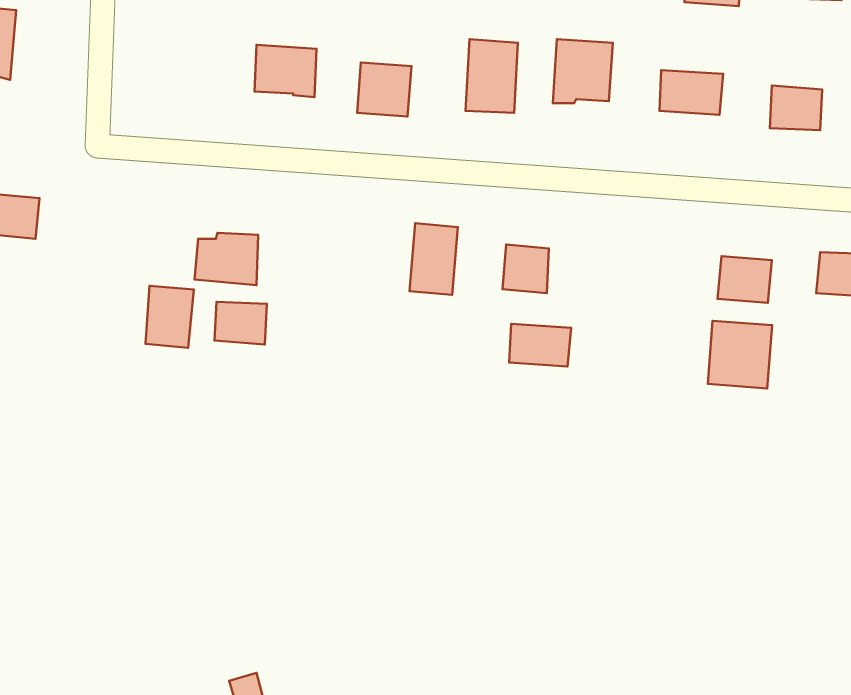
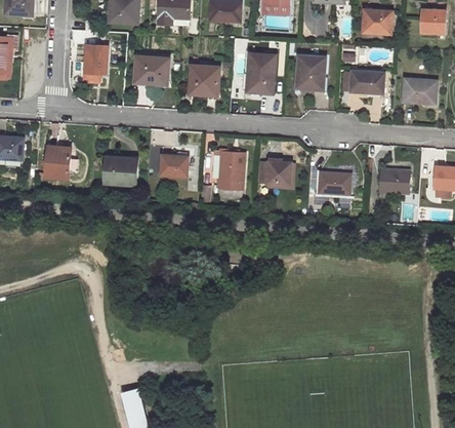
building: none -> [86,44,108,74]
building: [145,286,194,348] -> [45,146,71,179]
building: [215,302,267,344] -> [159,153,187,176]
building: [708,321,772,388] -> none
building: [509,324,571,367] -> [319,171,351,194]

